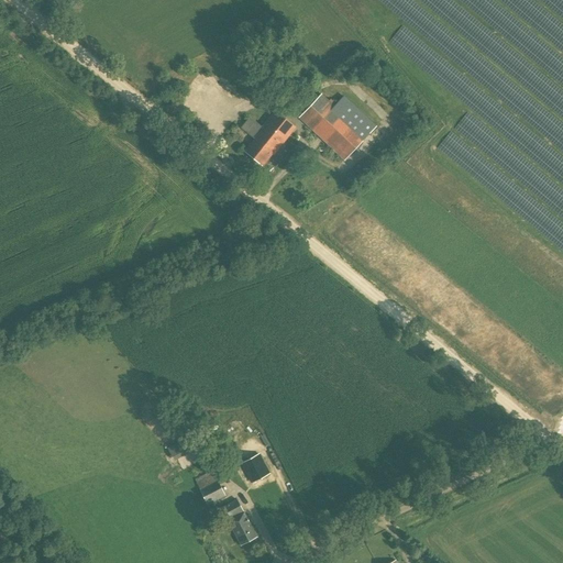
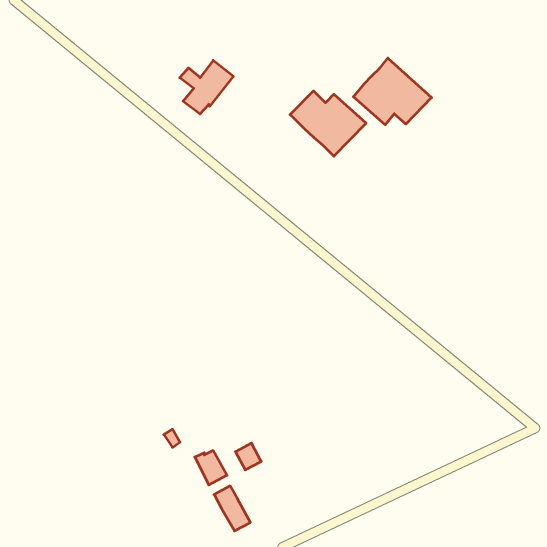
building: none -> [353,58,432,125]
building: [241,110,296,165] -> [180,60,233,114]

